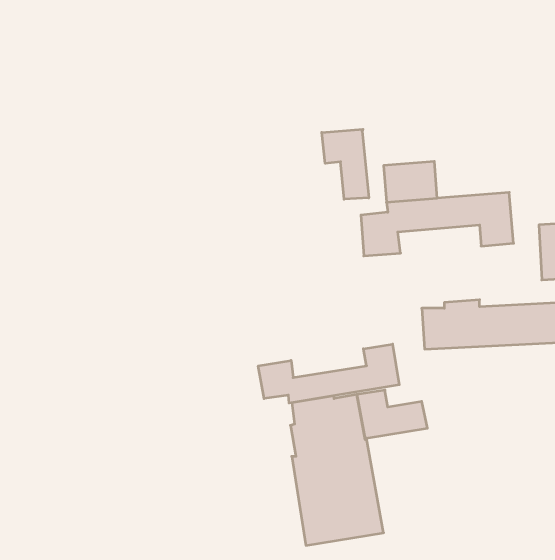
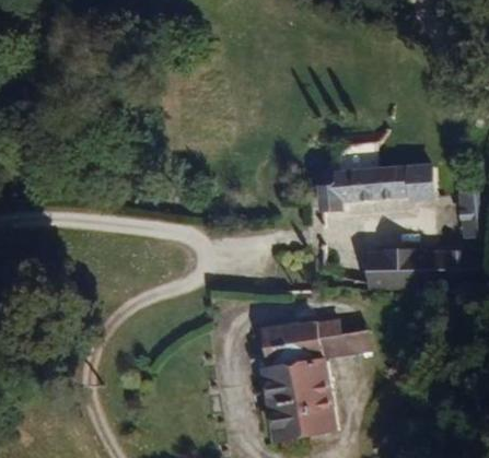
building: [322,129,369,199] -> none
building: [258,344,399,403] -> none

